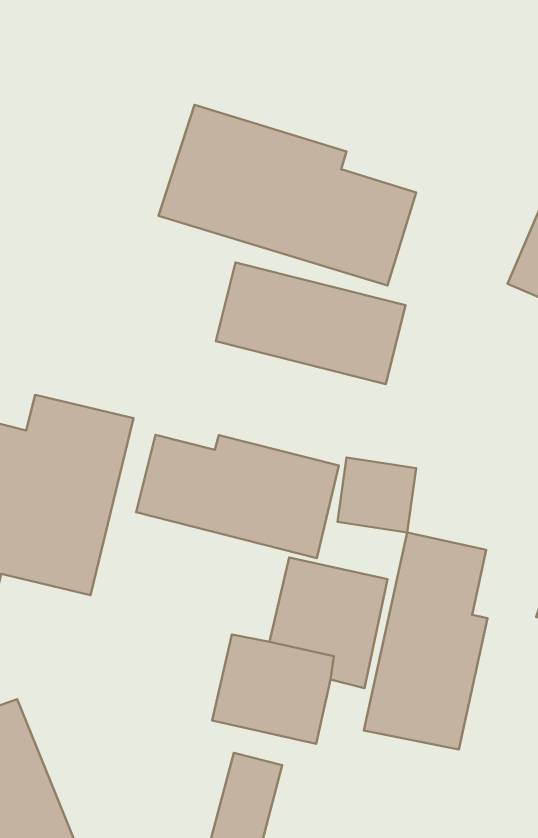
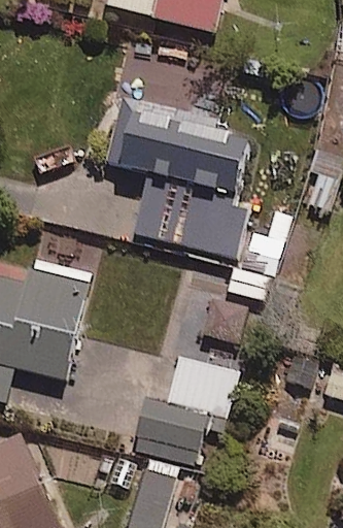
building: [136,435,339,558] -> none
building: [364,533,487,750] -> none

